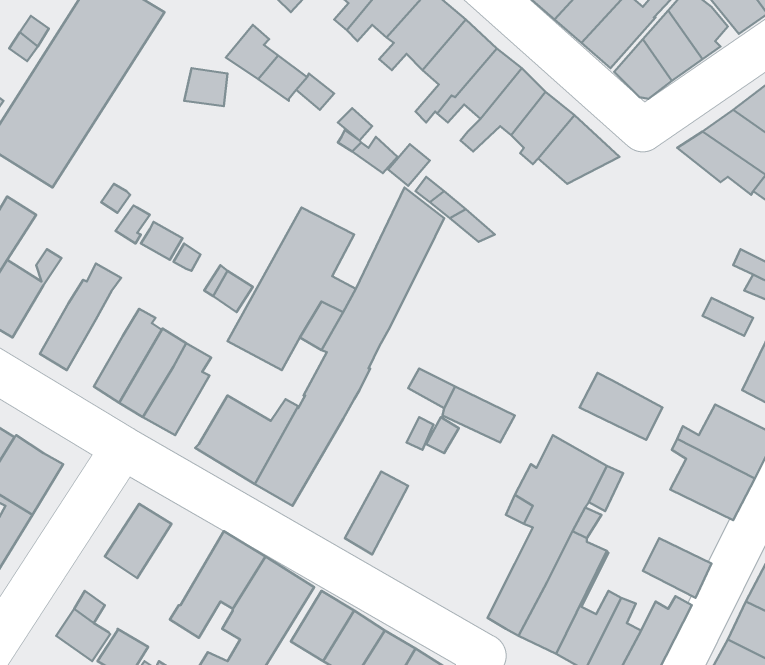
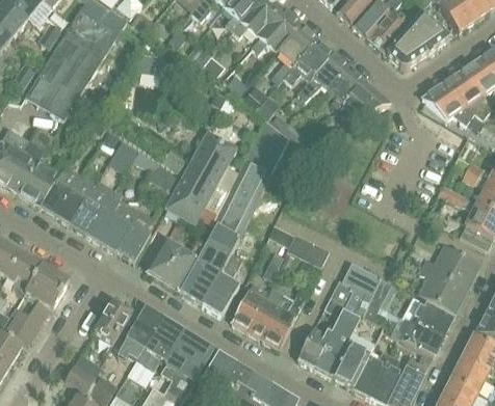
building: none -> [40,160,80,215]
building: none -> [71,179,112,234]
building: [579,373,663,440] -> [403,297,451,335]
building: none -> [201,252,241,314]
building: none -> [246,285,306,348]
building: none -> [116,306,161,359]
building: none -> [296,327,329,367]

